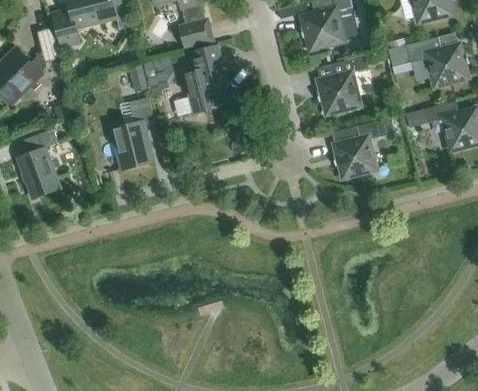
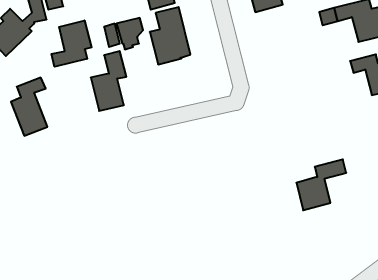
building: [317,55,368,114] -> none
building: none -> [51,20,92,67]
building: [334,117,394,178] -> [296,159,346,210]

